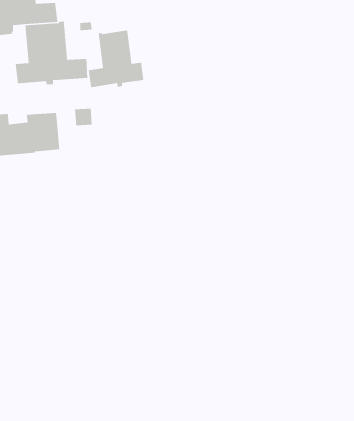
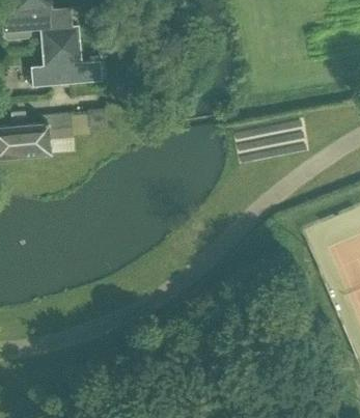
building: [88,30,144,88] -> none

